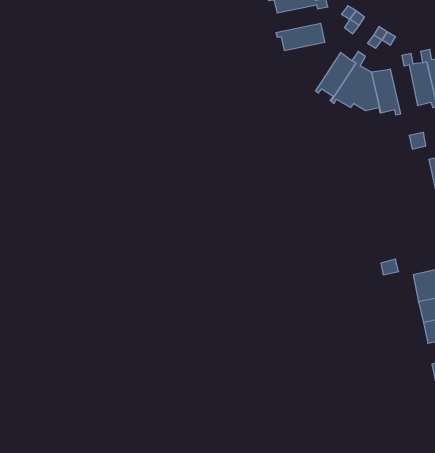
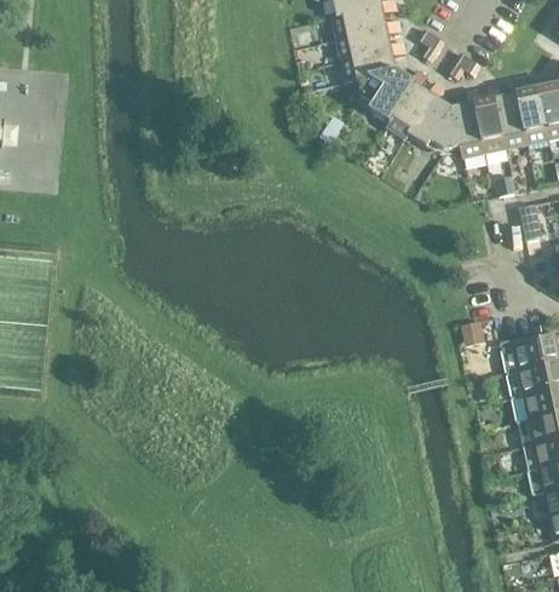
building: none -> [339,27,404,59]
building: none -> [350,69,426,127]
building: none -> [465,88,505,154]

